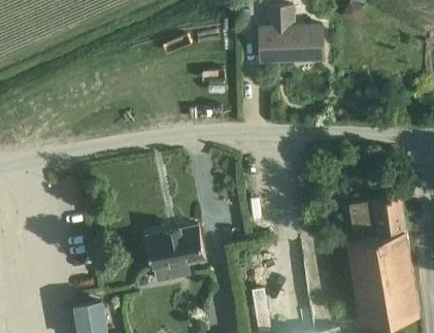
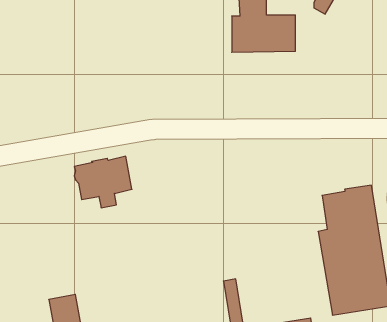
building: [145,227,203,278] -> [74,156,132,208]

